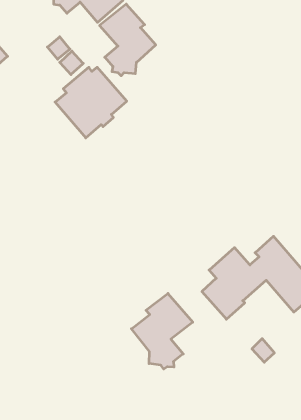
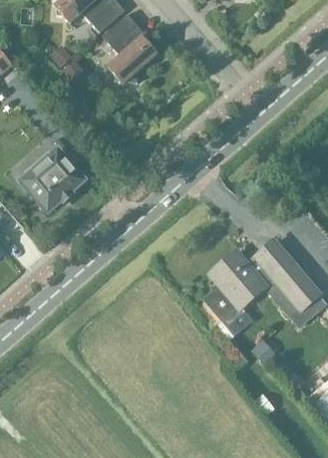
building: [55,67,127,138] -> [18,147,88,216]
building: [131,293,193,369] -> none

